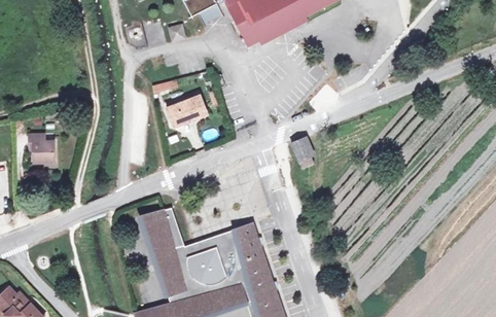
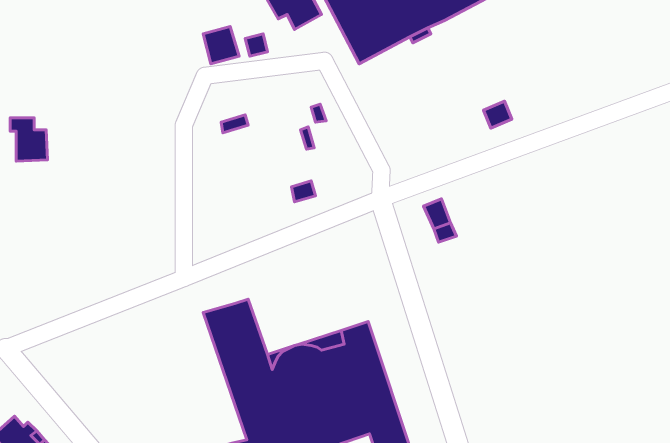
building: [168,97,205,124] -> none
building: [29,134,55,164] -> [10,118,48,161]

